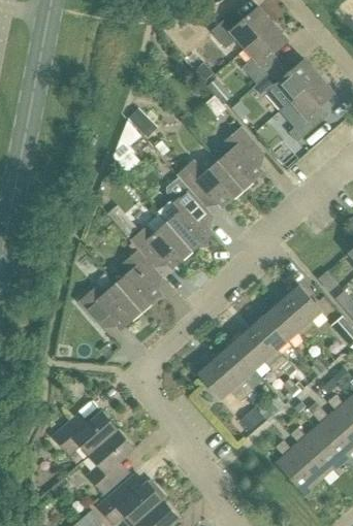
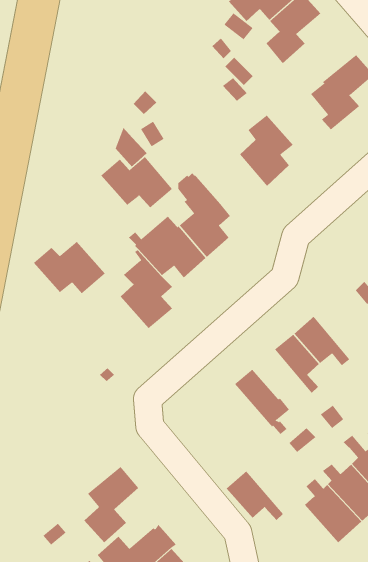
building: [252,59,319,110] -> none
building: [181,162,243,206] -> [101,156,173,208]
building: [79,284,141,329] -> [33,241,106,294]
building: [283,286,322,337] -> none
building: [230,329,281,372] -> none
building: [197,359,247,402] -> [226,470,284,521]
building: [53,410,118,453] -> none

